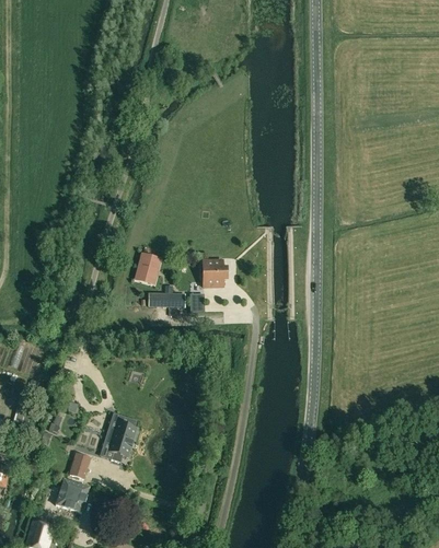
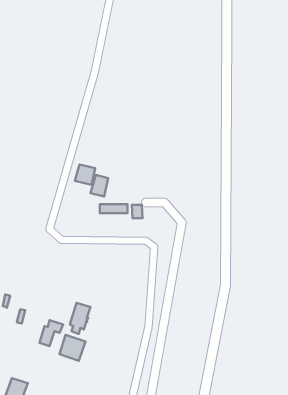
building: none -> [75,164,95,185]
building: [201,259,227,287] -> none
building: [55,479,89,513] -> [60,335,86,361]

